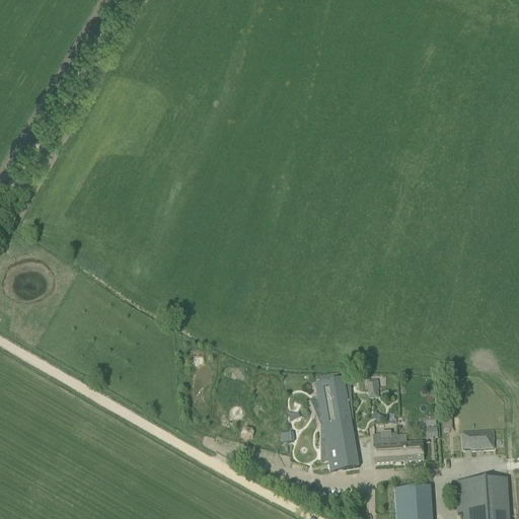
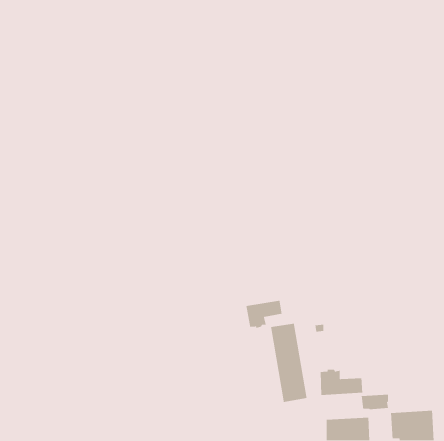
building: none -> [245,300,283,329]
building: [461,430,494,449] -> [361,394,389,410]

